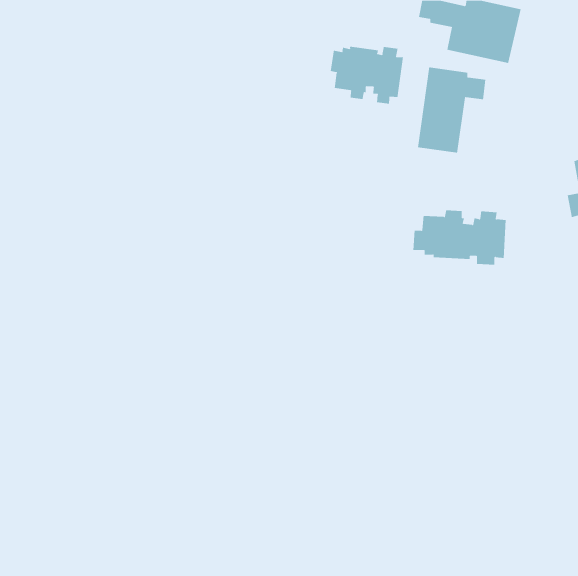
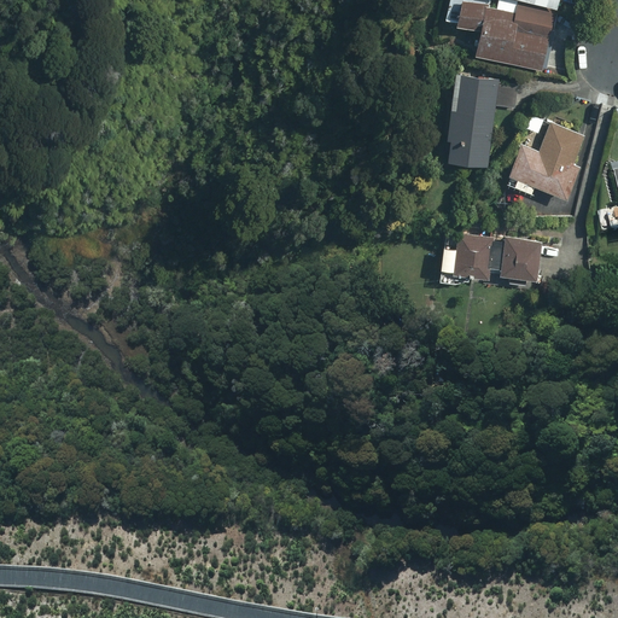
building: [330,46,404,105] -> none
building: none -> [507,115,584,198]

